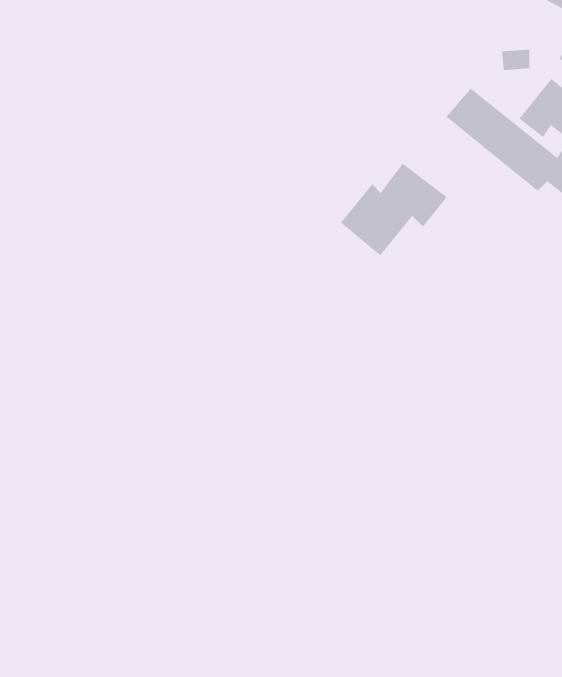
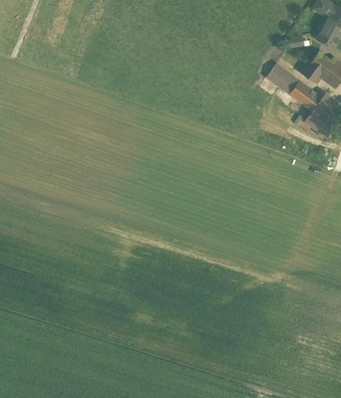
building: [340,163,448,256] -> none

